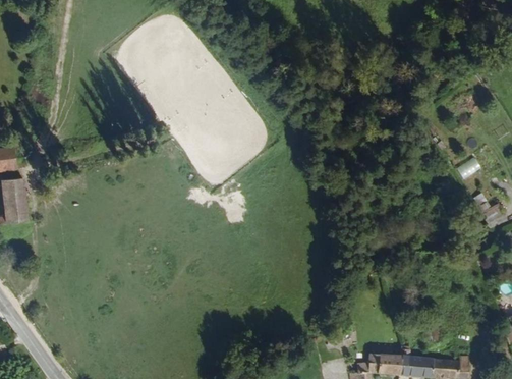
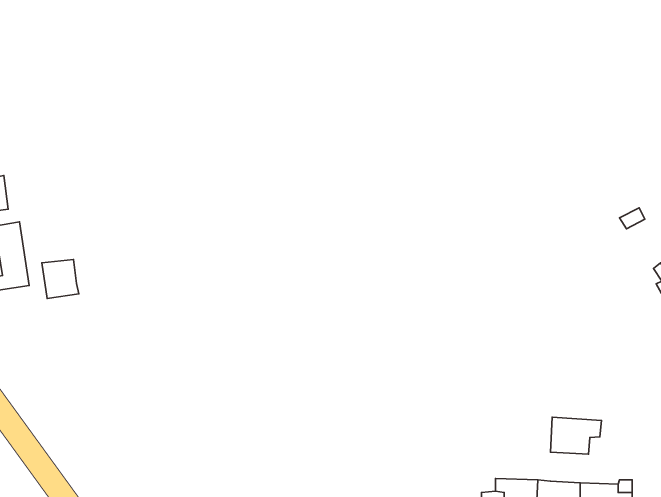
building: none -> [42,259,79,298]
building: none -> [551,417,602,454]

